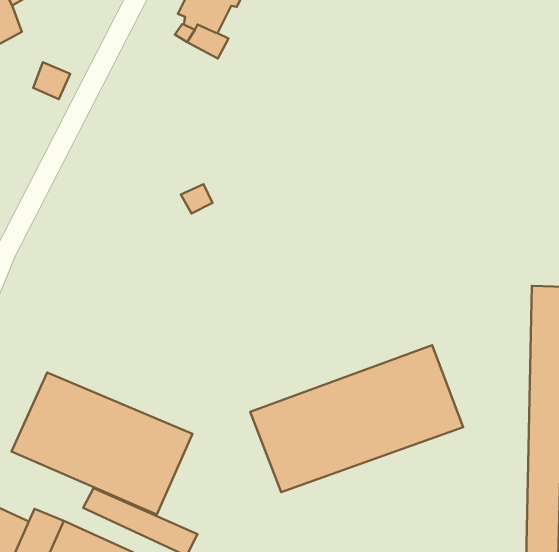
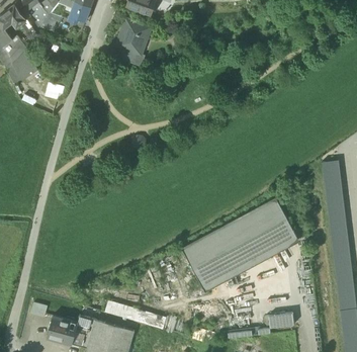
building: [11,373,193,515] -> none

